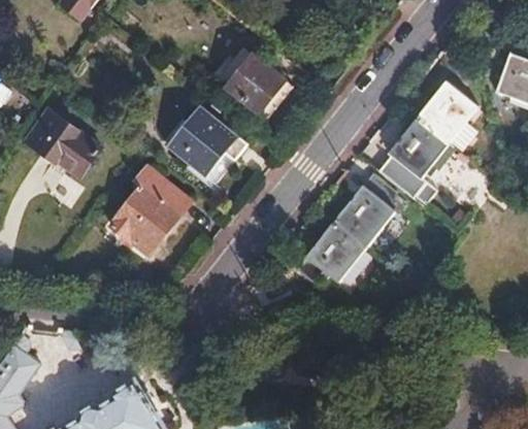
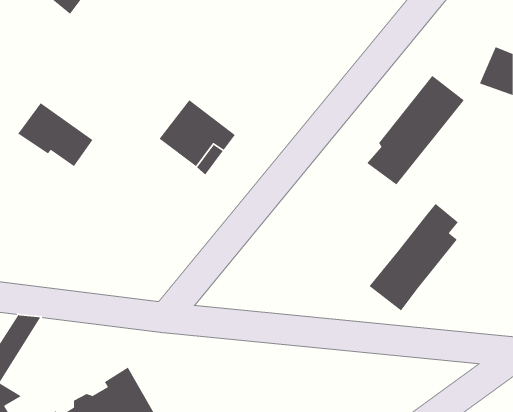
building: [226,56,284,113] -> none
building: [111,165,193,251] -> none
building: [304,173,396,284] -> [368,203,459,312]

